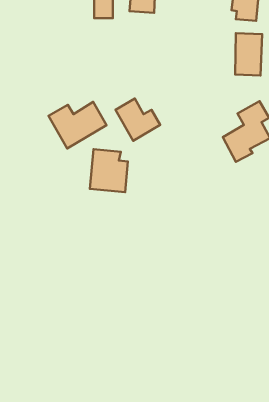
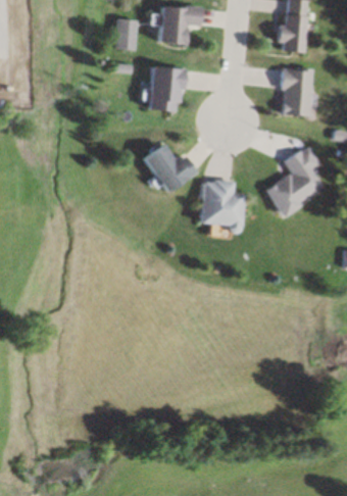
building: none -> [147,66,184,112]
building: [49,102,106,148] -> none
building: [90,149,128,192] -> [198,180,242,230]

